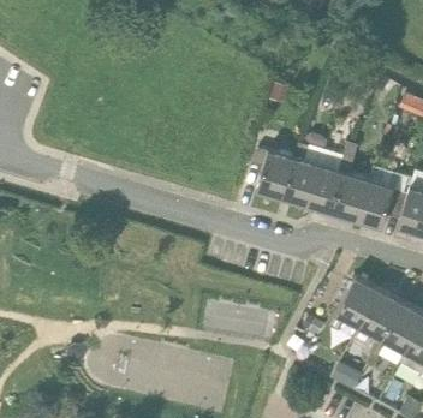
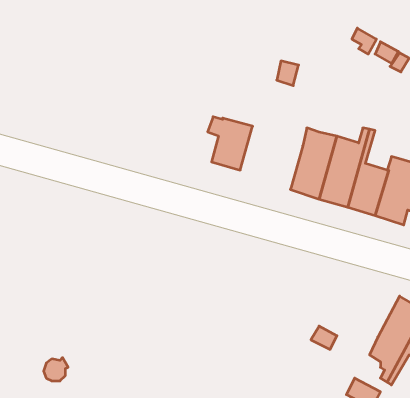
building: [255,150,294,197] -> [208,117,253,170]
building: [329,279,380,332] -> none

